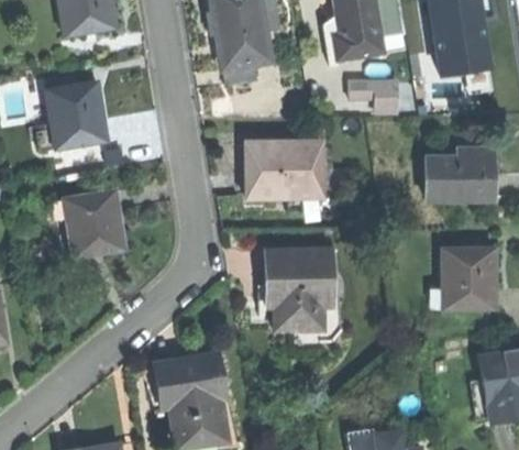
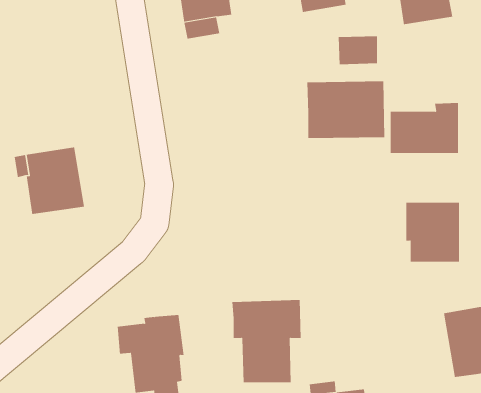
building: [45,83,107,149] -> none
building: [244,141,322,198] -> [306,81,385,139]
building: [264,249,333,331] -> [232,300,302,383]

